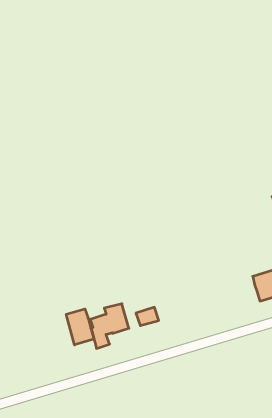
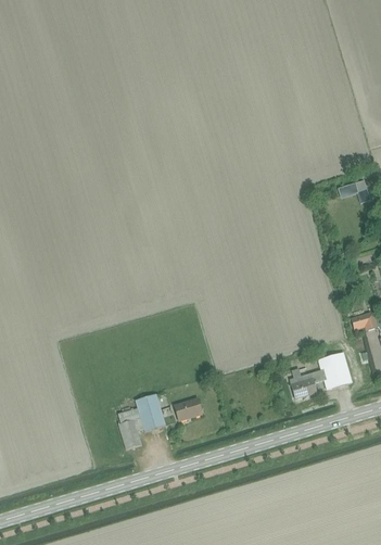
building: none -> [291,368,323,397]
building: [66,309,94,345] -> none

